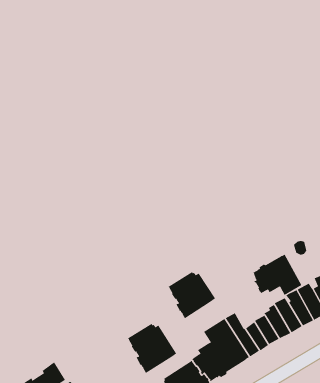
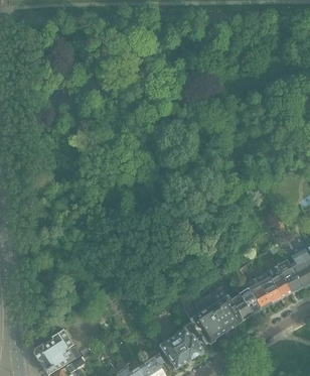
building: [252,254,302,296] -> none
building: [167,271,216,319] -> none
building: [126,323,177,374] -> none

